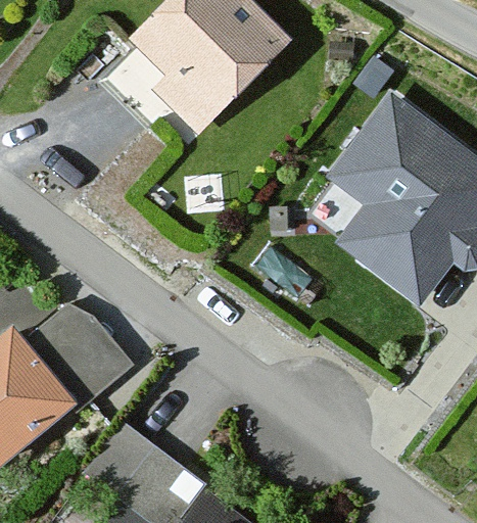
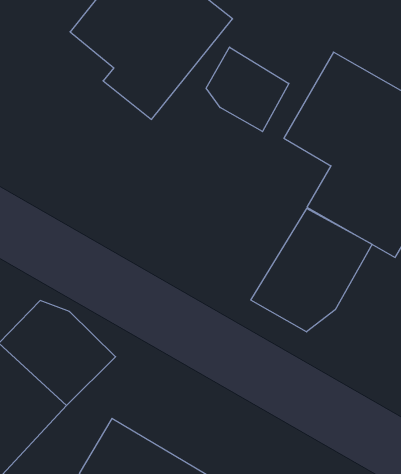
building: none -> [206,47,289,132]
building: none -> [251,209,372,332]

